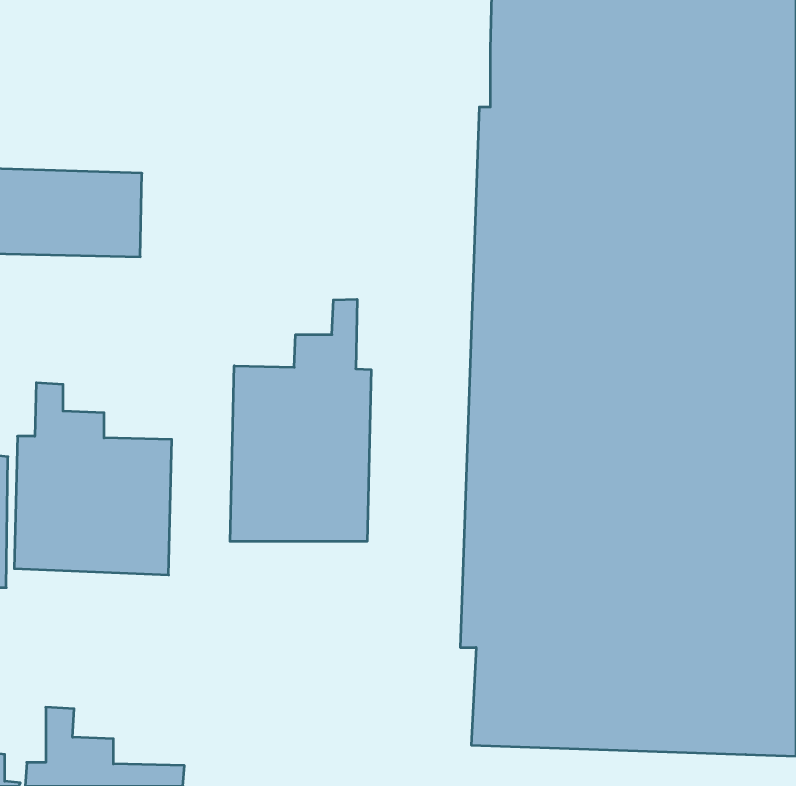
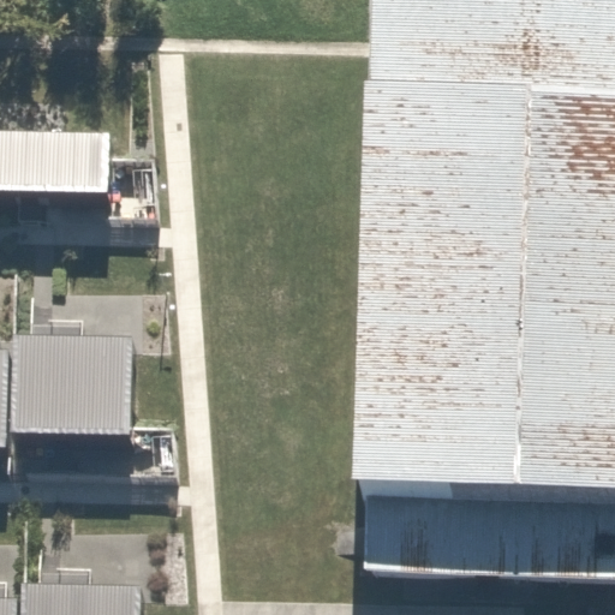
building: [230,299,371,541] -> none

